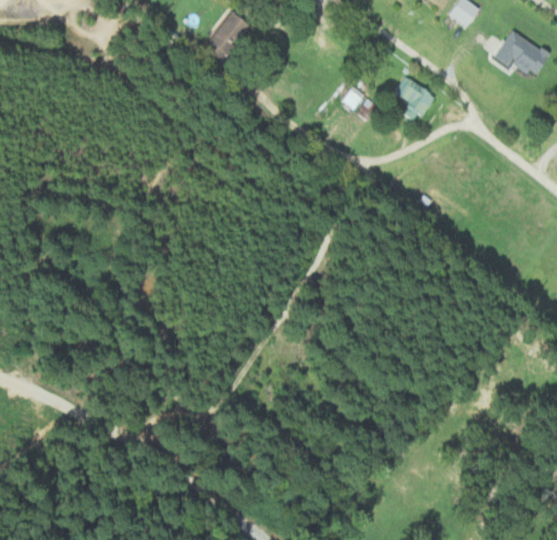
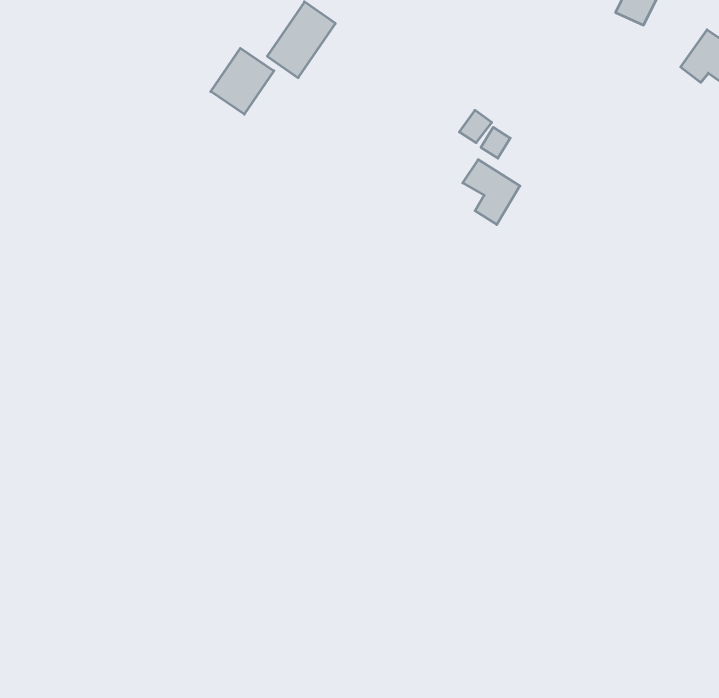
building: none -> [211,48,274,114]
building: [393,76,433,122] -> [463,160,520,225]

